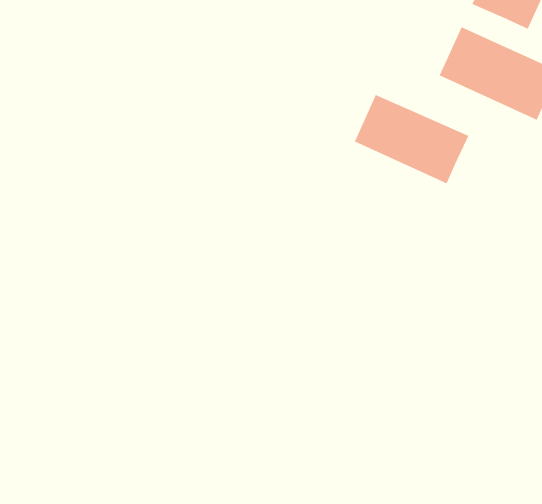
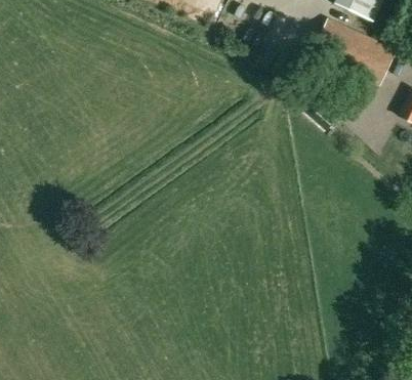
building: [354,94,469,184] -> none

